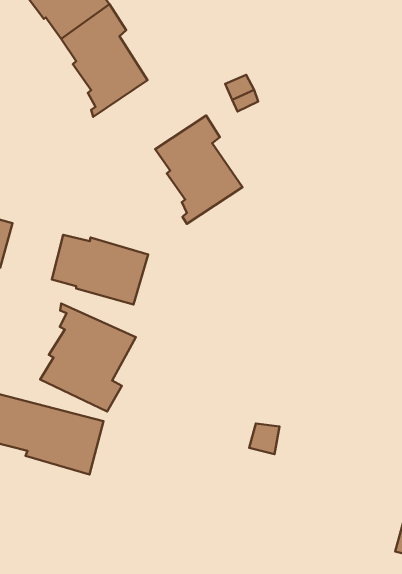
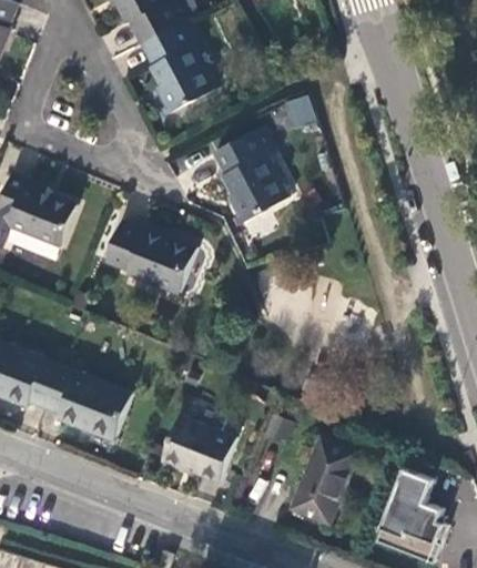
building: [40,304,136,411] -> none
building: none -> [163,419,235,486]
building: none -> [296,439,363,527]

